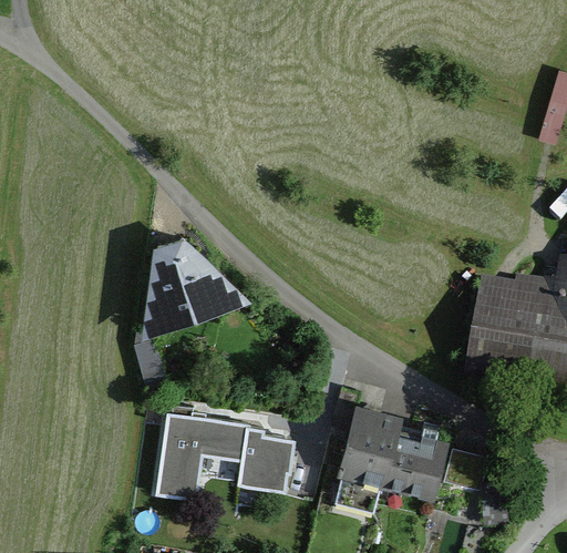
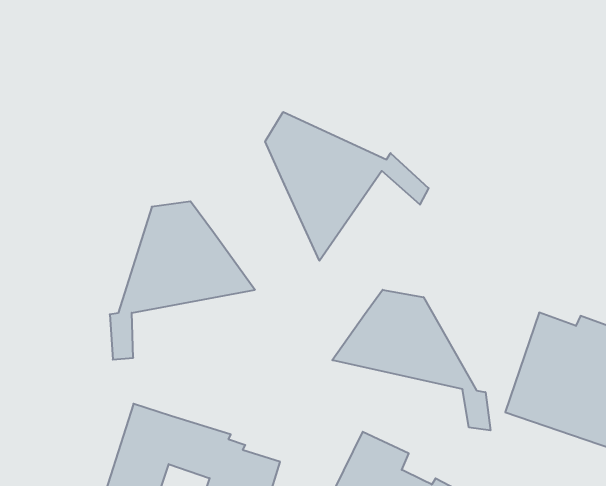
building: none -> [265,112,429,261]
building: none -> [332,290,490,430]

